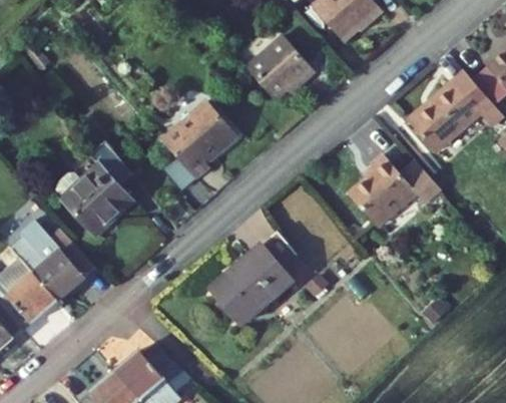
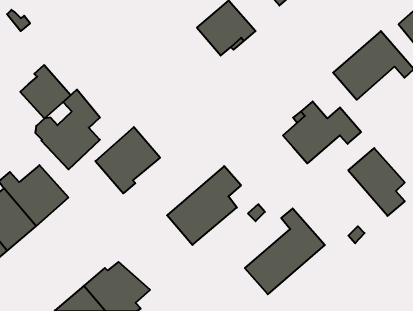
building: [161,100,237,178] -> [95,127,160,193]
building: none -> [20,65,71,118]
building: none -> [348,148,405,216]
building: none -> [245,208,325,294]

